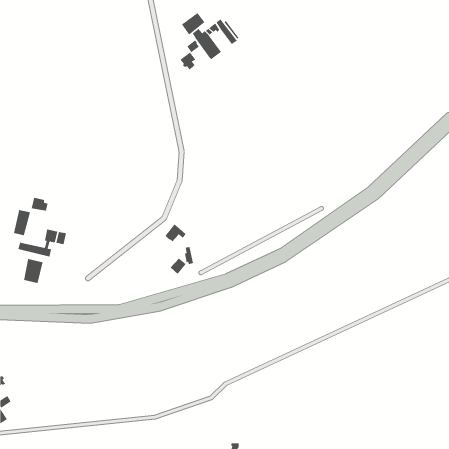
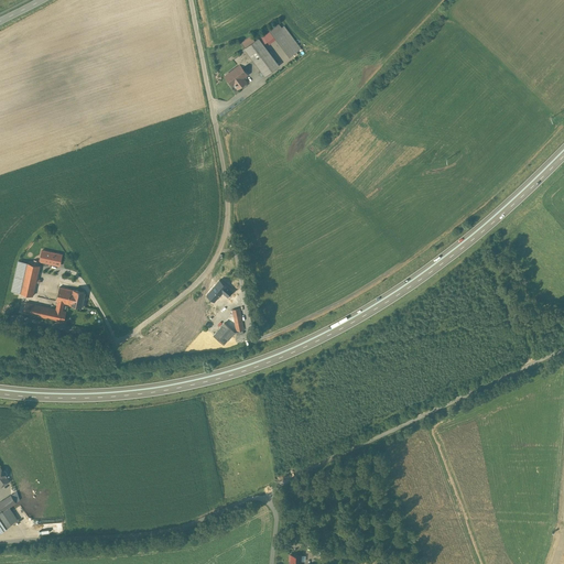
building: [181,12,205,35] -> none
building: [23,258,43,284] -> none

